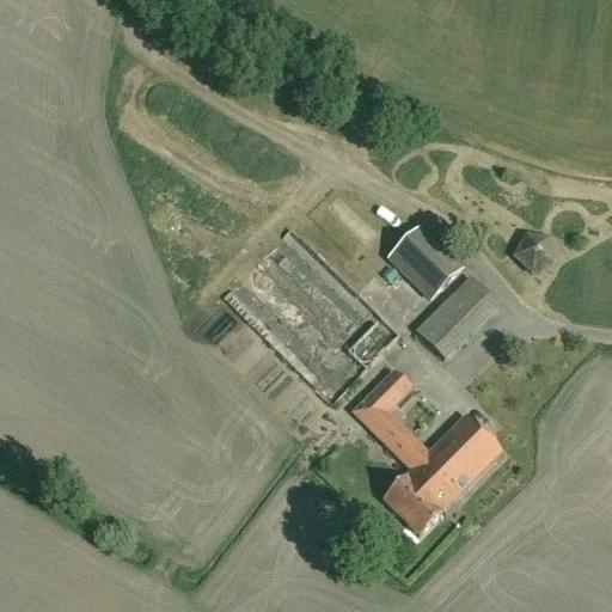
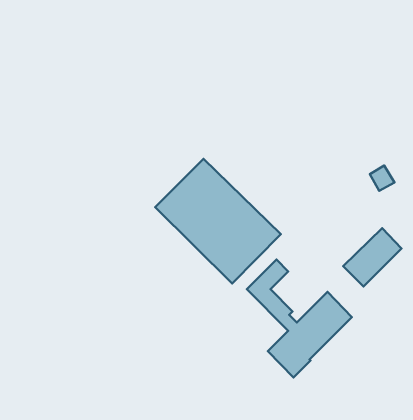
building: [388,226,460,296] -> none
building: [415,275,497,357] -> [343,228,402,287]

